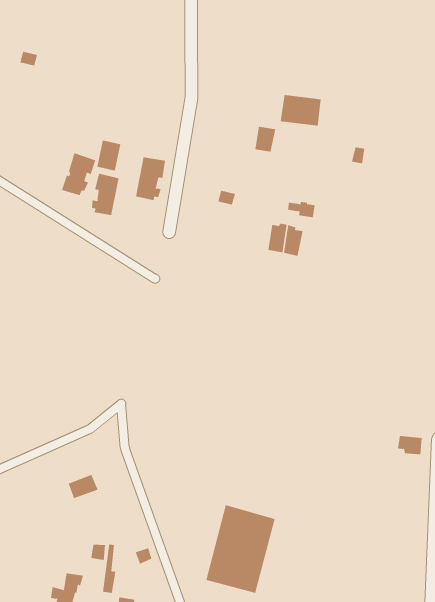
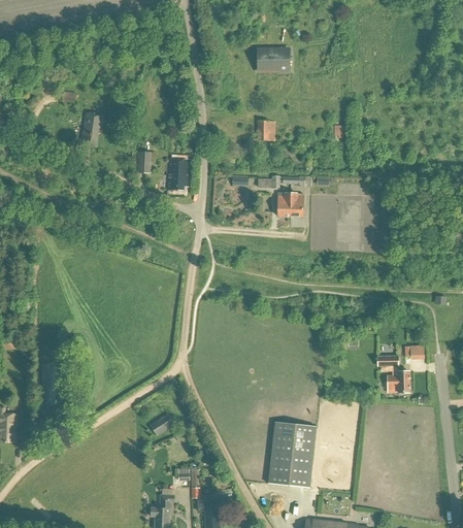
building: [280,94,321,126] -> [257,48,288,71]
building: [61,153,96,196] -> [78,113,102,146]
building: [91,173,119,216] -> none
building: none -> [375,355,407,392]

